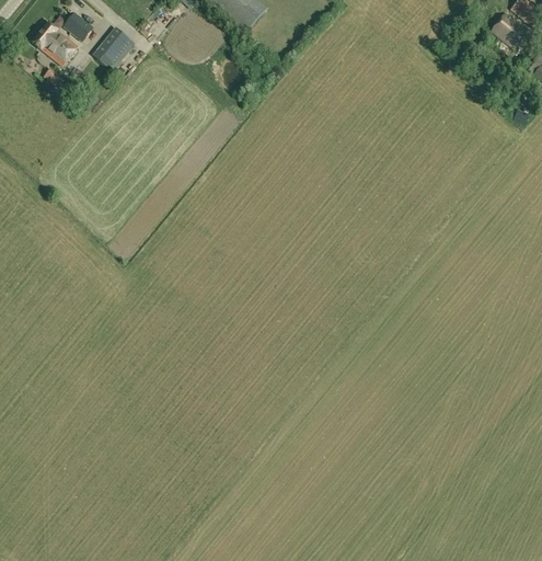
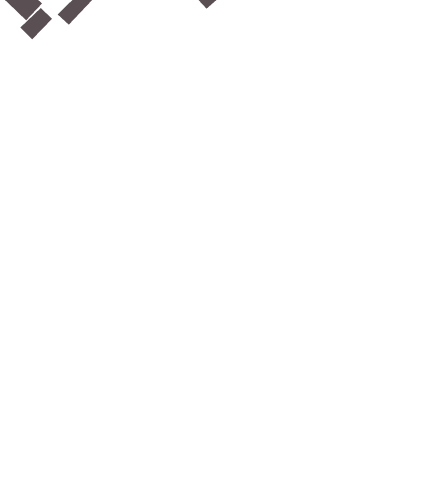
building: none -> [20,7,53,40]

